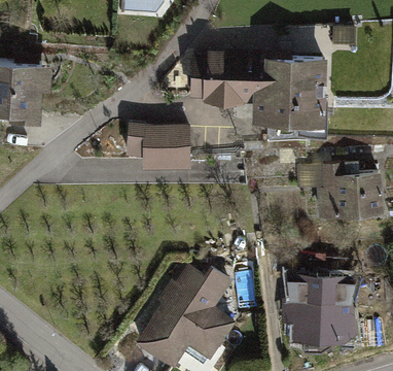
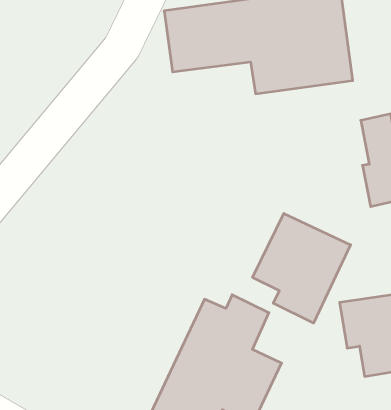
building: [127,127,188,170] -> none
building: none -> [253,213,351,323]

